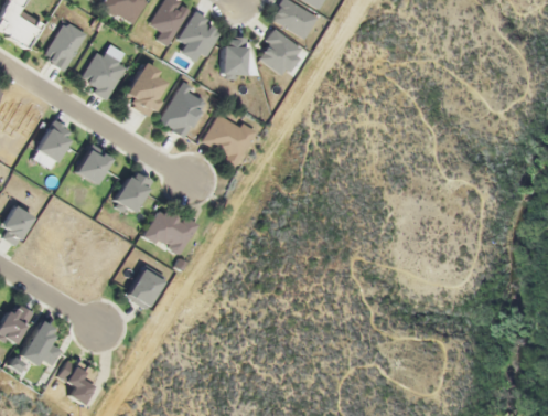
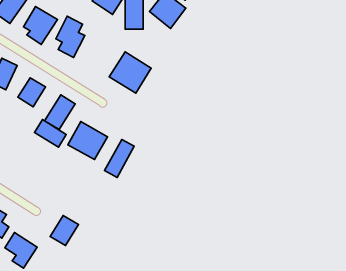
building: [160,82,206,138] -> none
building: none -> [35,120,66,147]
building: none -> [105,139,134,178]
building: [125,267,163,308] -> [50,215,78,245]

